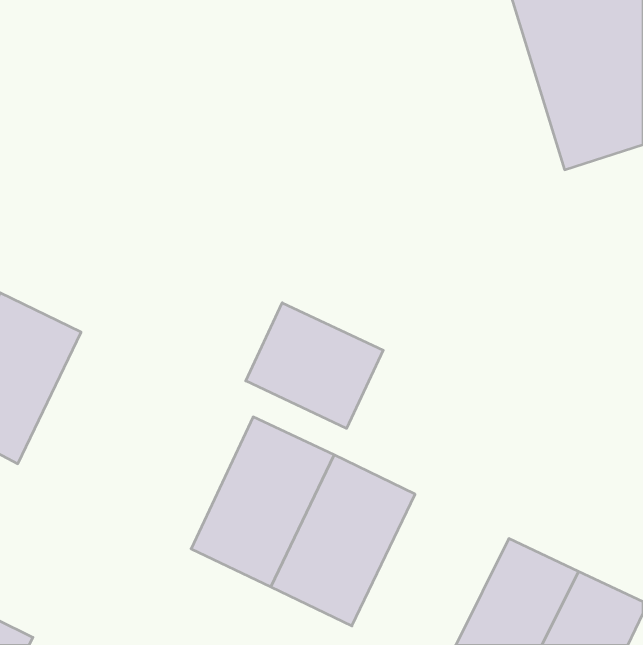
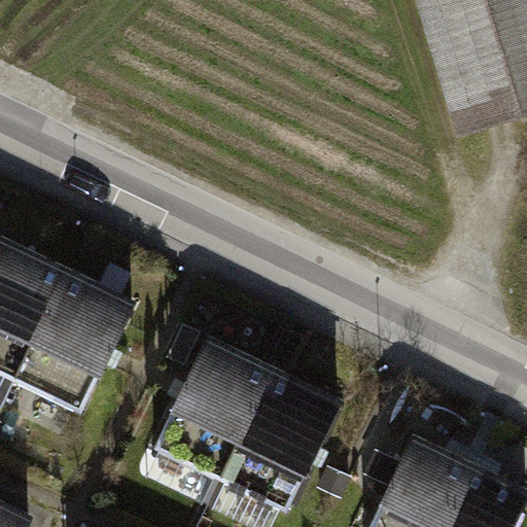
building: [246,303,383,428] -> none
building: none -> [14,270,131,408]

